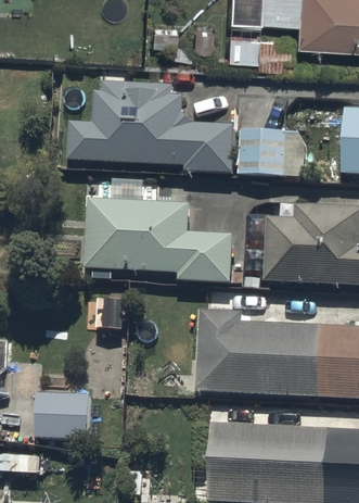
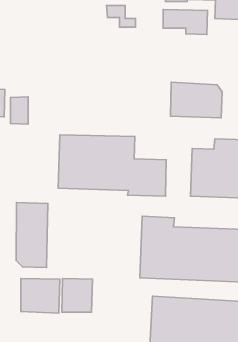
building: [67,66,233,175] -> none
building: none -> [16,203,48,267]
building: none -> [62,279,93,312]

